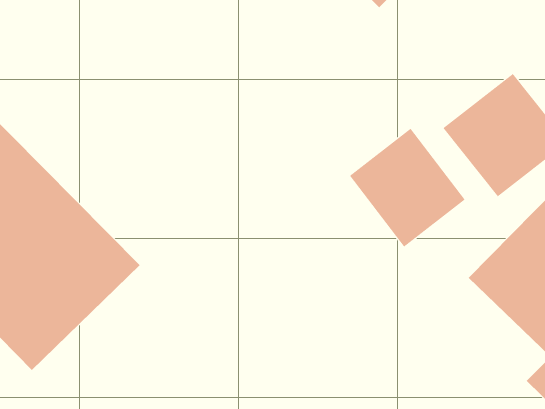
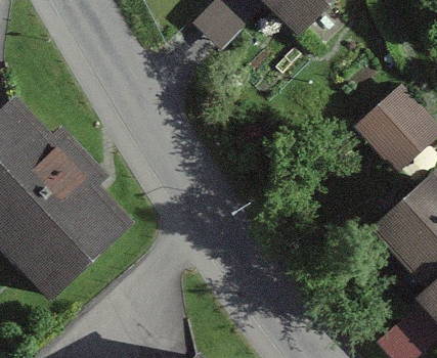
building: [349,128,466,248] -> none

